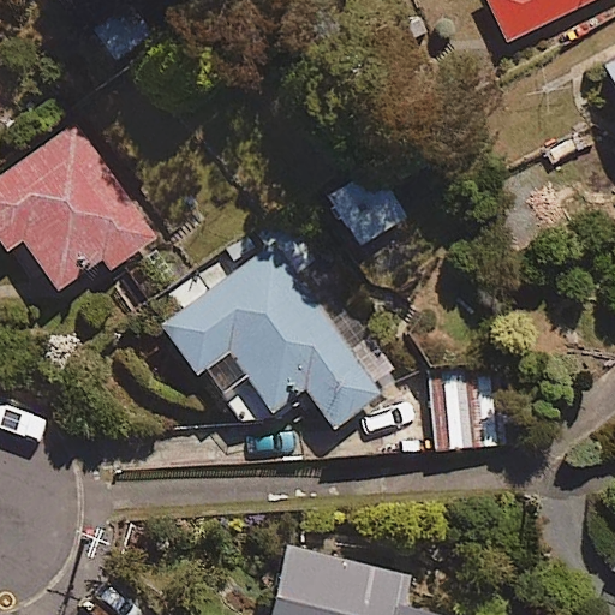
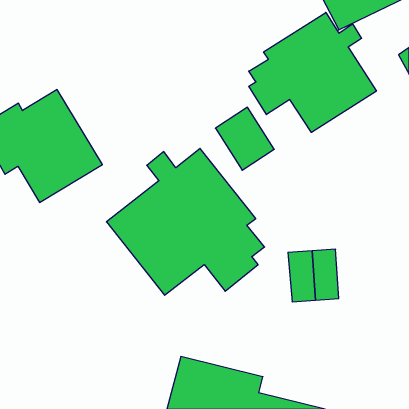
building: none -> [249,12,376,132]

